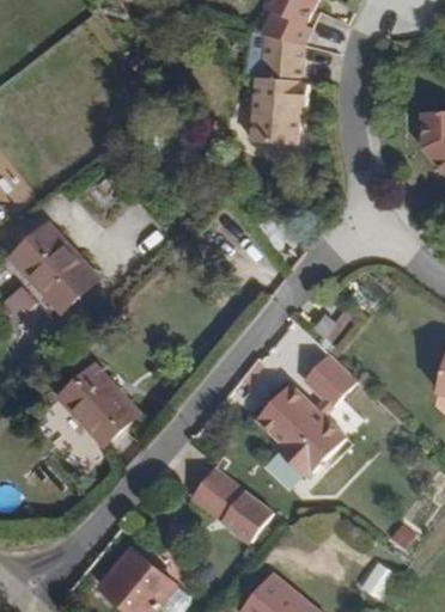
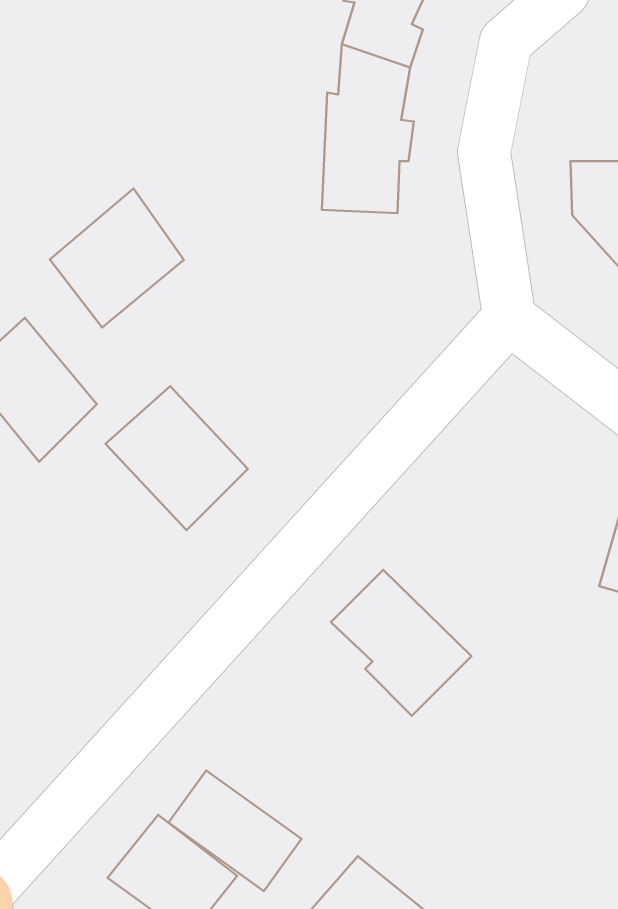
building: none -> [50,189,184,328]
building: [305,354,355,404] -> none
building: [60,362,154,458] -> [105,386,248,530]
building: [187,466,275,546] -> [168,770,302,891]

